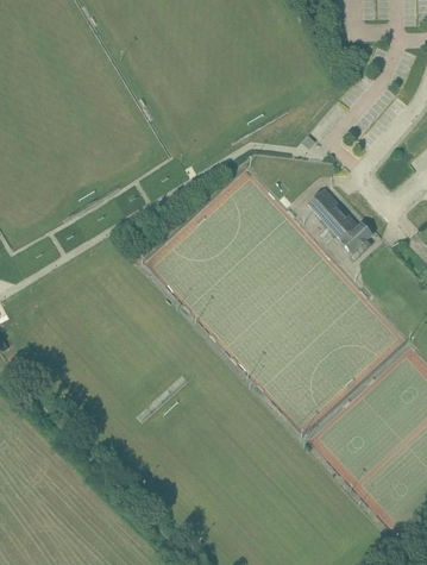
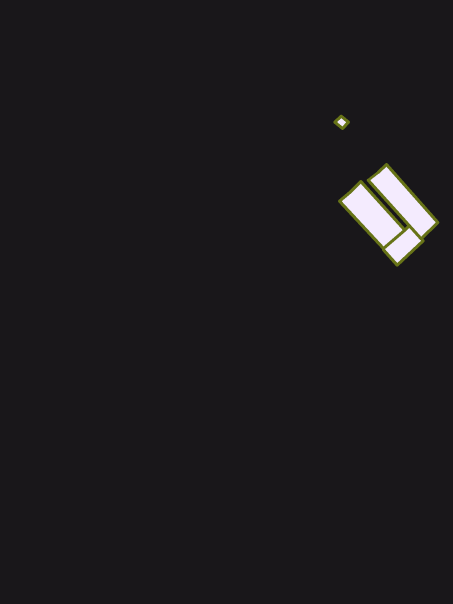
building: none -> [368,164,438,239]

